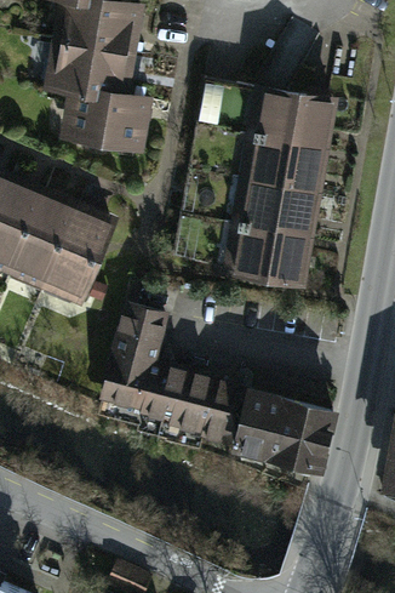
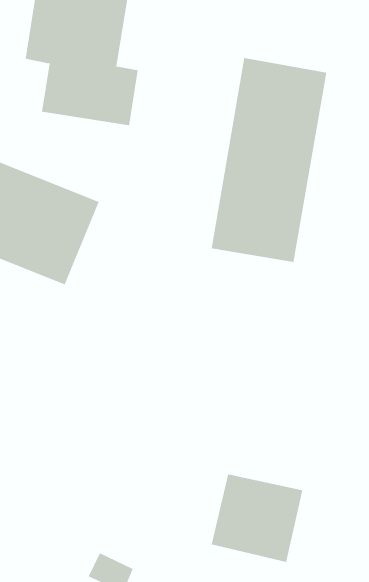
building: [98,302,244,440] -> none
building: [240,378,328,463] -> [211,474,303,562]

